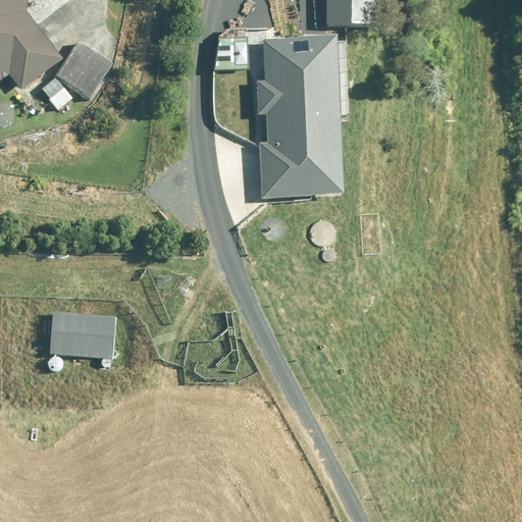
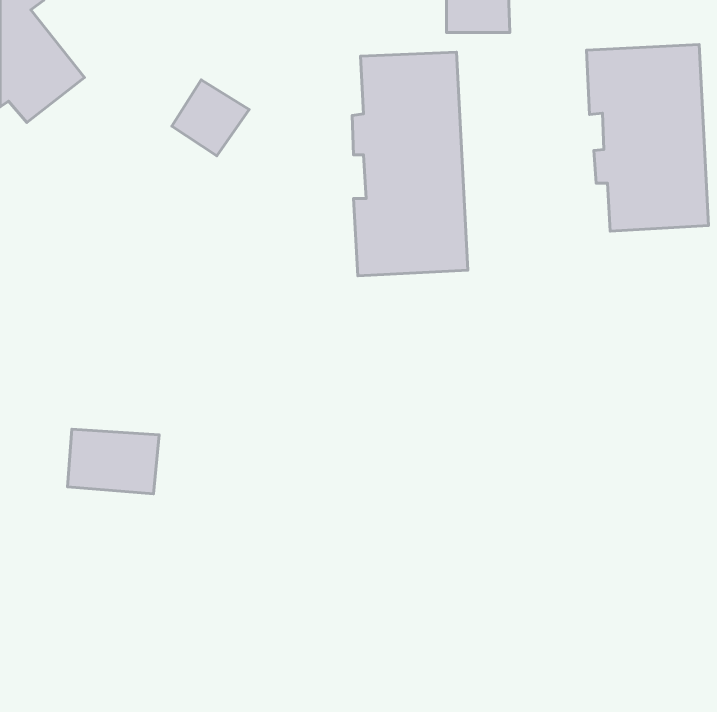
building: none -> [586,44,708,231]
building: [57,41,113,96] -> [172,80,249,156]

